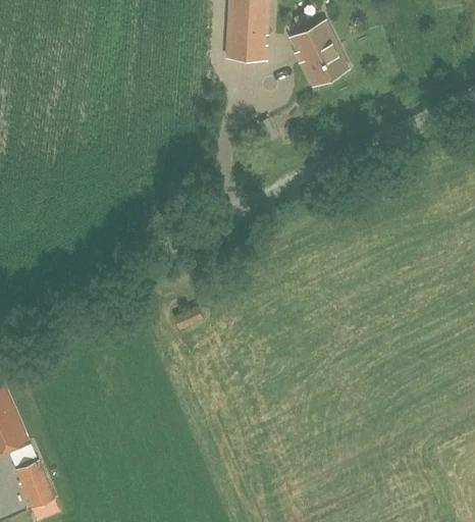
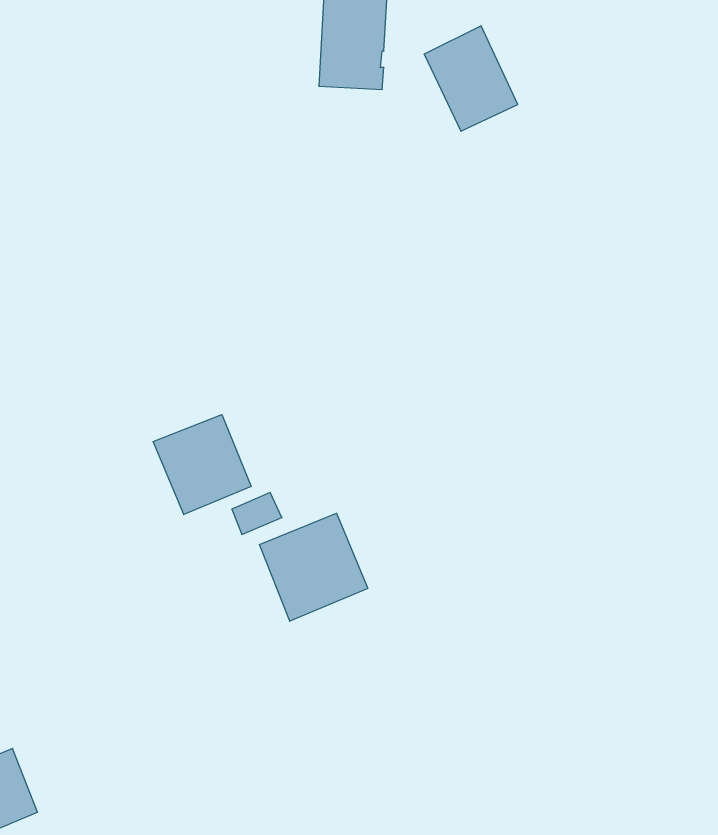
building: none -> [153,415,251,515]
building: none -> [259,513,368,621]

